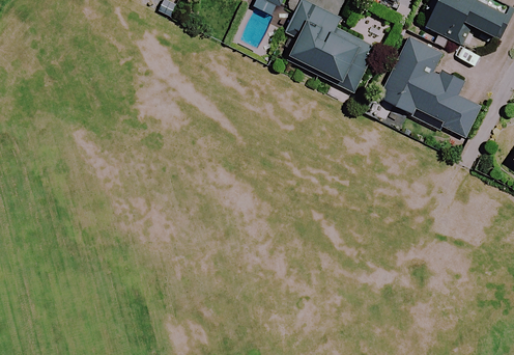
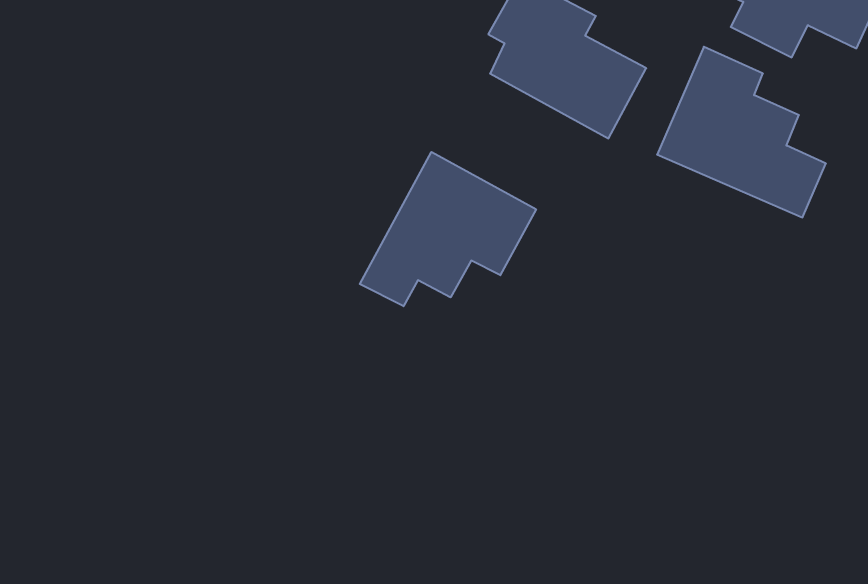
building: none -> [360,152,536,306]

